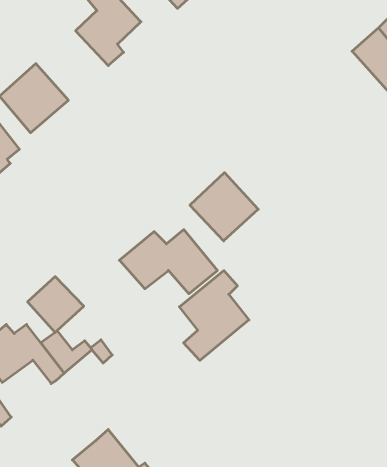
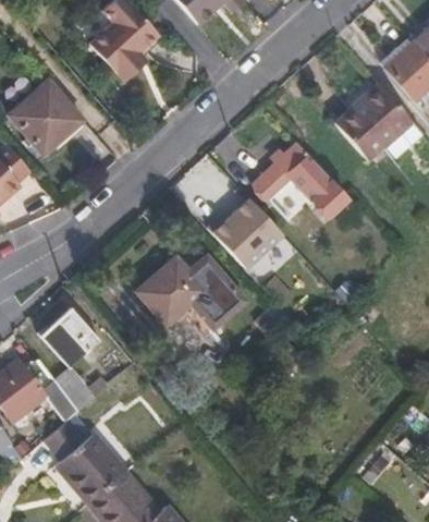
building: none -> [333,76,410,160]
building: none -> [253,146,348,219]
building: [179,271,249,360] -> none
building: none -> [44,418,125,503]

